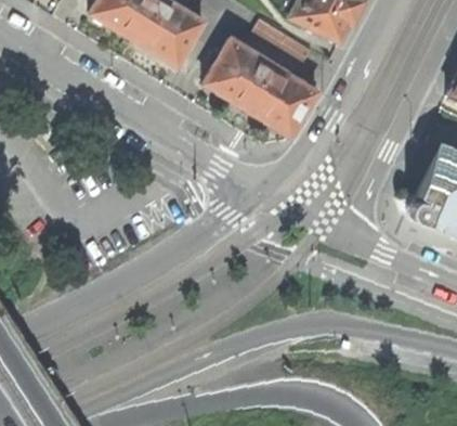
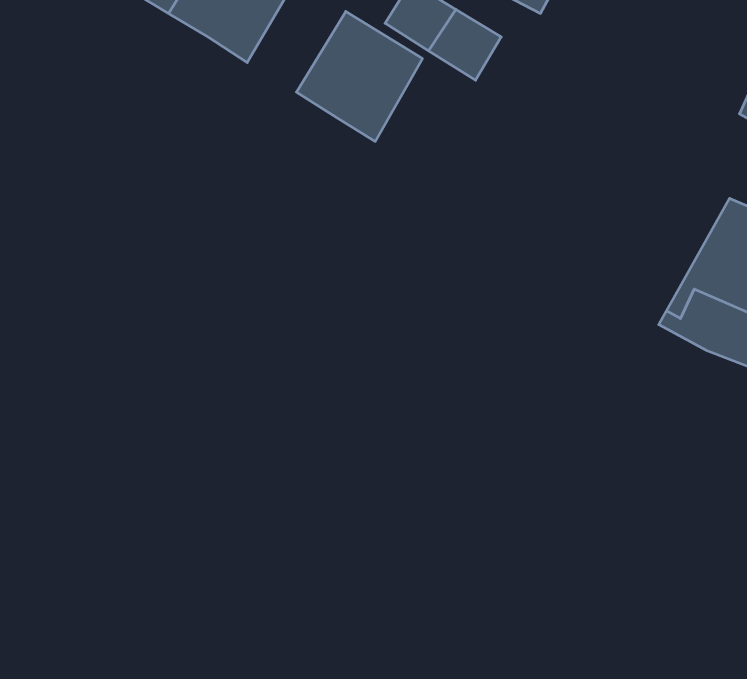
building: [247,64,316,135] -> none

